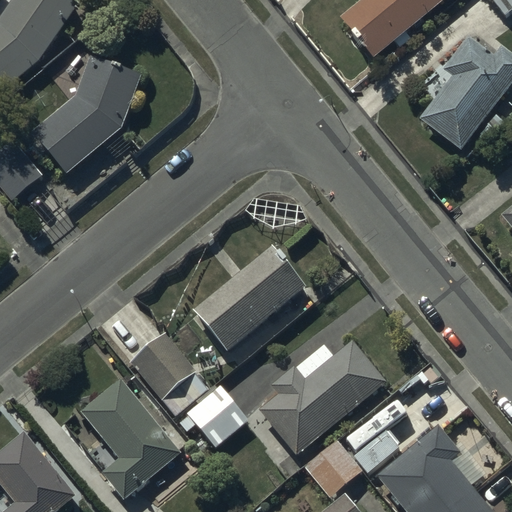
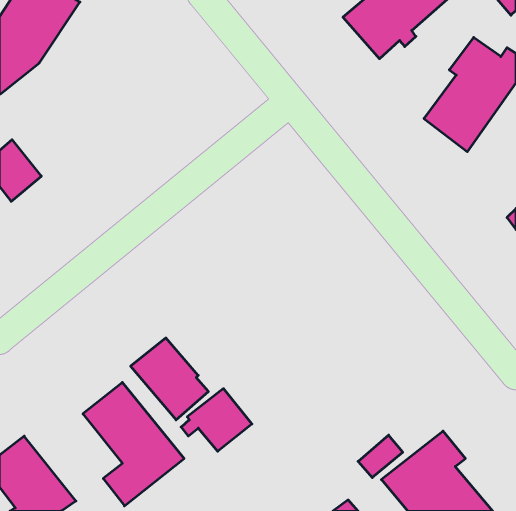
building: [31,54,140,174] -> none
building: [191,244,305,350] -> none
building: [258,339,385,455] -> none
building: [305,439,362,496] -> none

